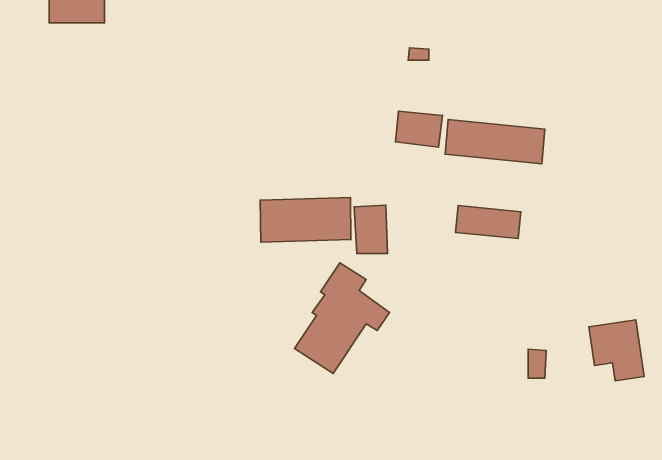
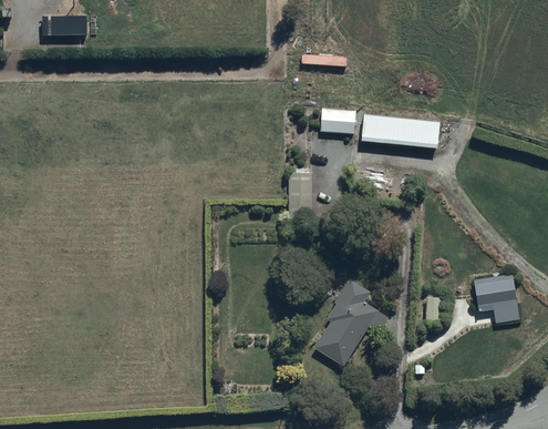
building: [260,198,351,242] -> none
building: [456,205,521,239] -> none
building: [294,263,390,373] -> [312,278,389,367]

